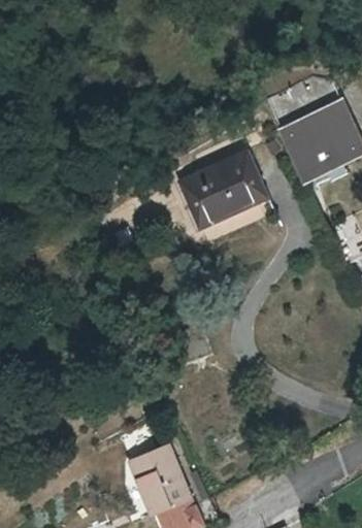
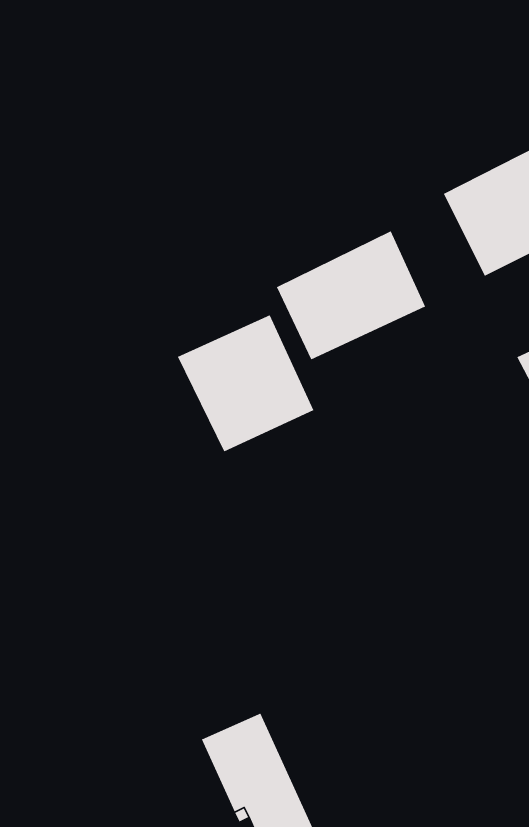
building: none -> [177,314,315,453]

